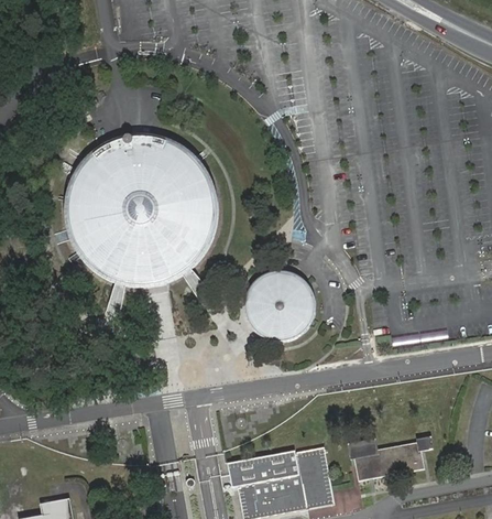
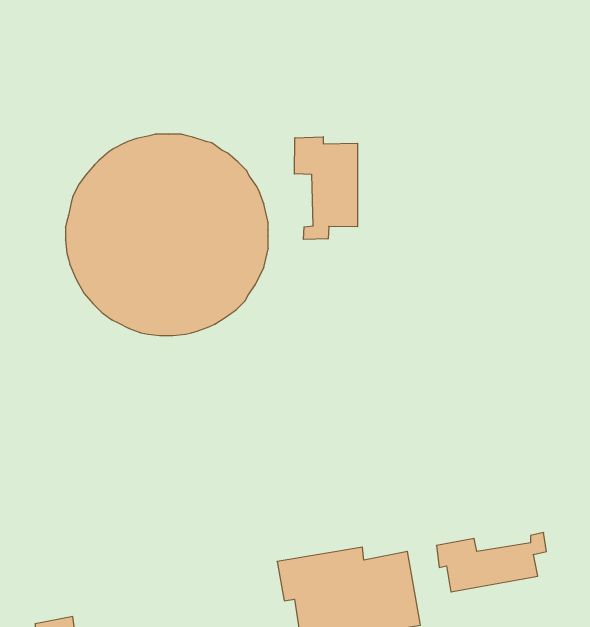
building: none -> [294,137,357,239]
building: [236,269,316,349] -> none

